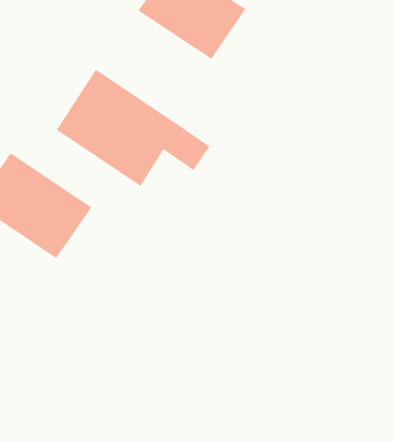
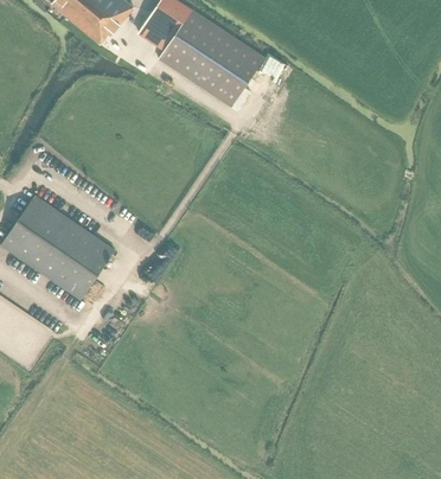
building: [56,69,210,187] -> none

